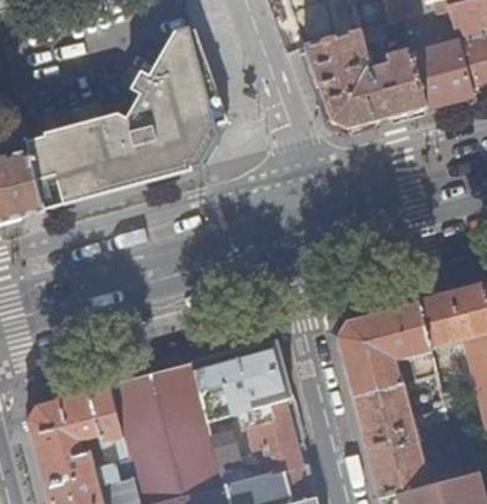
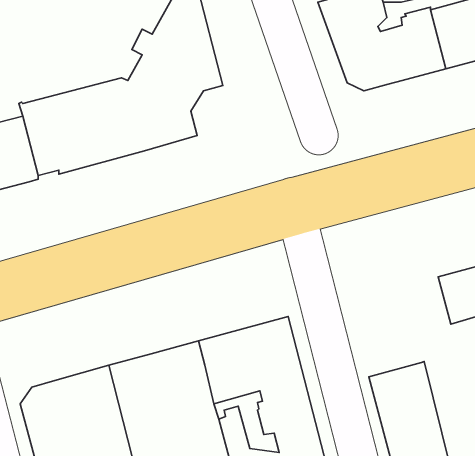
building: [337,303,435,397] -> none

